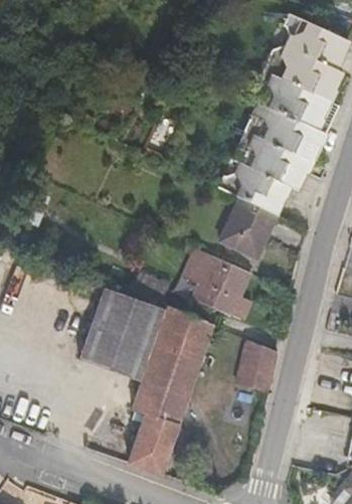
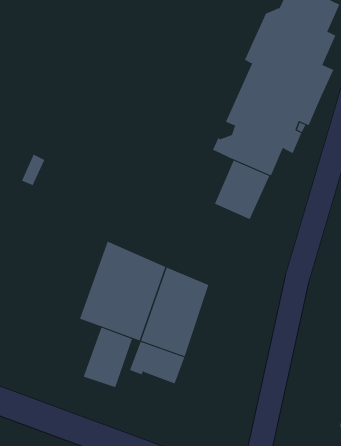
building: [179,246,250,319] -> none
building: [237,339,279,390] -> none
building: [129,411,179,473] -> [83,327,133,388]

